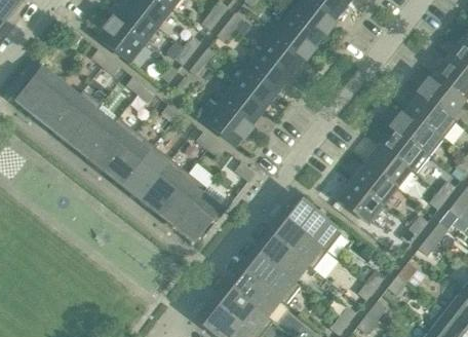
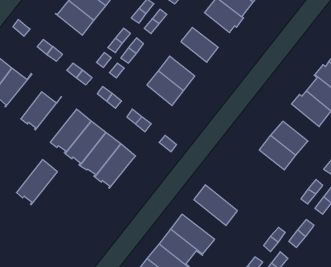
building: [273,17,317,61] -> none
building: [100,18,144,63] -> none
building: [246,51,290,92] -> none
building: [53,90,101,143] -> none
building: [204,103,251,146] -> none
building: [88,117,136,171] -> [16,160,57,205]
building: [380,125,423,170] -> none
building: [338,180,382,222] -> none
building: [176,193,225,239] -> none
building: [288,202,342,252] -> none
building: [261,238,313,286] -> none

